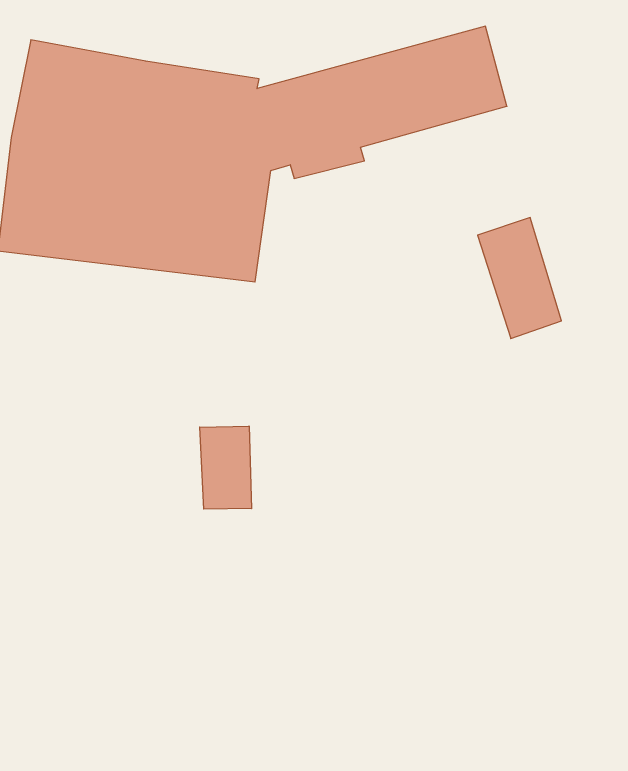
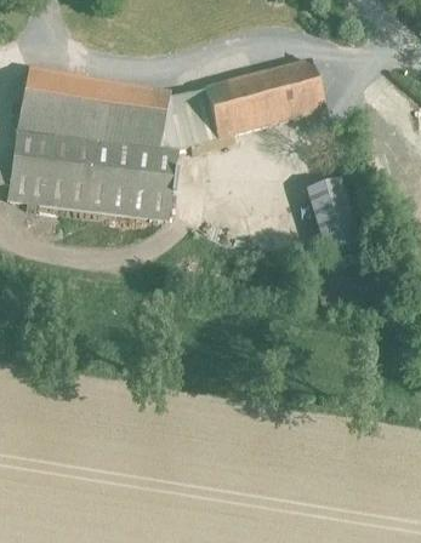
building: [200,426,252,509] -> none

